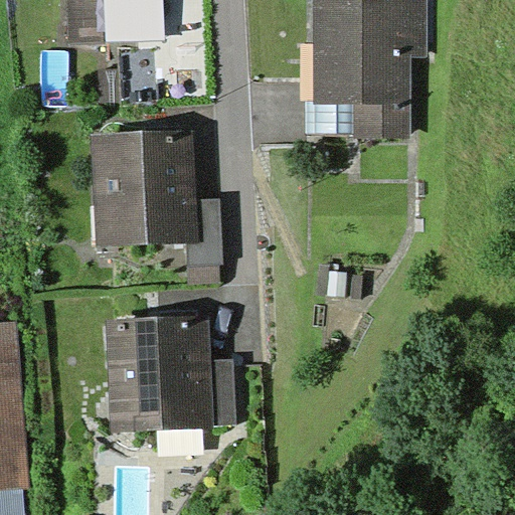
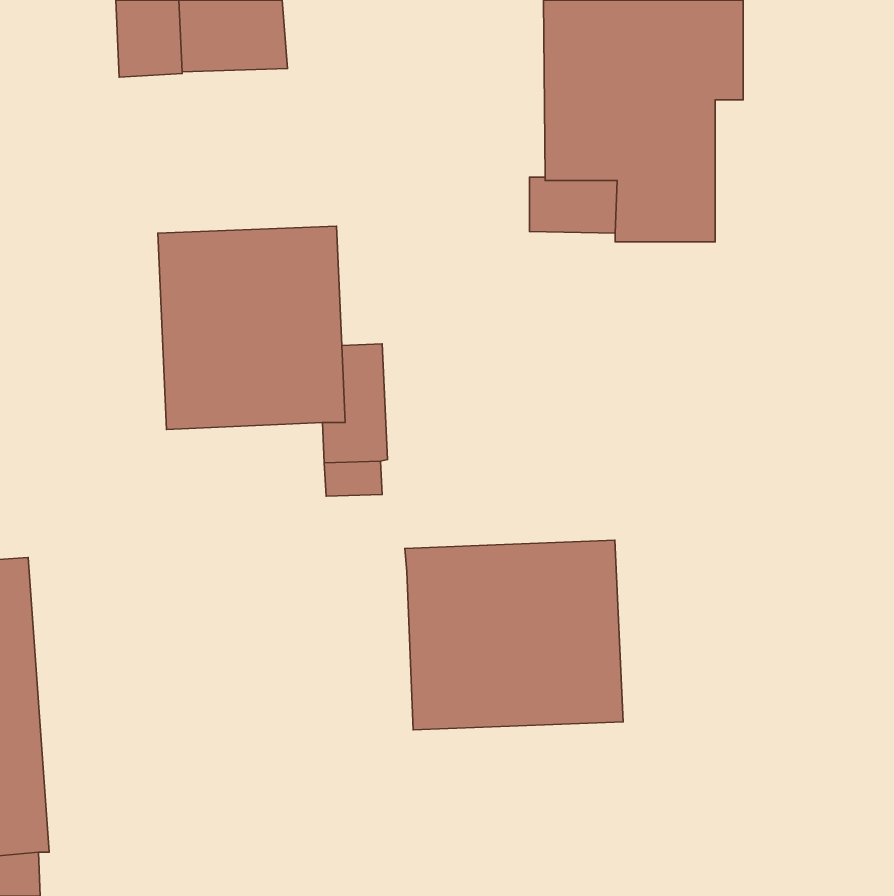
building: none -> [405,540,623,730]
building: [105,316,235,433] -> none

